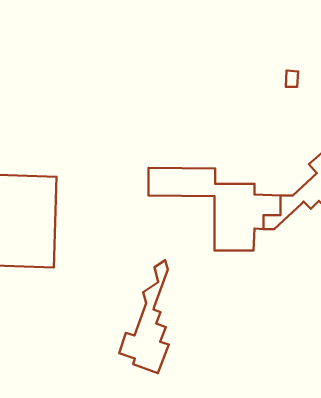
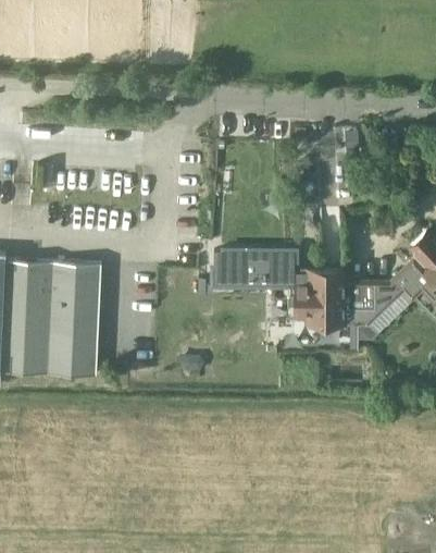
building: [119,260,169,373] -> none

